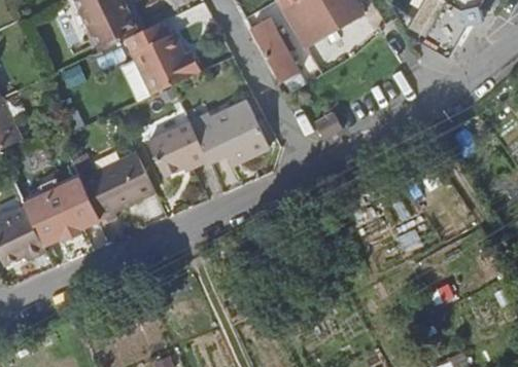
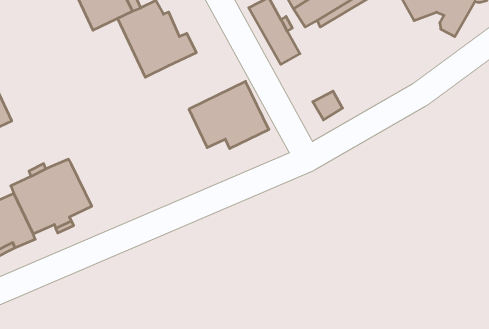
building: [147,120,208,176] -> none
building: [78,151,154,223] -> none

